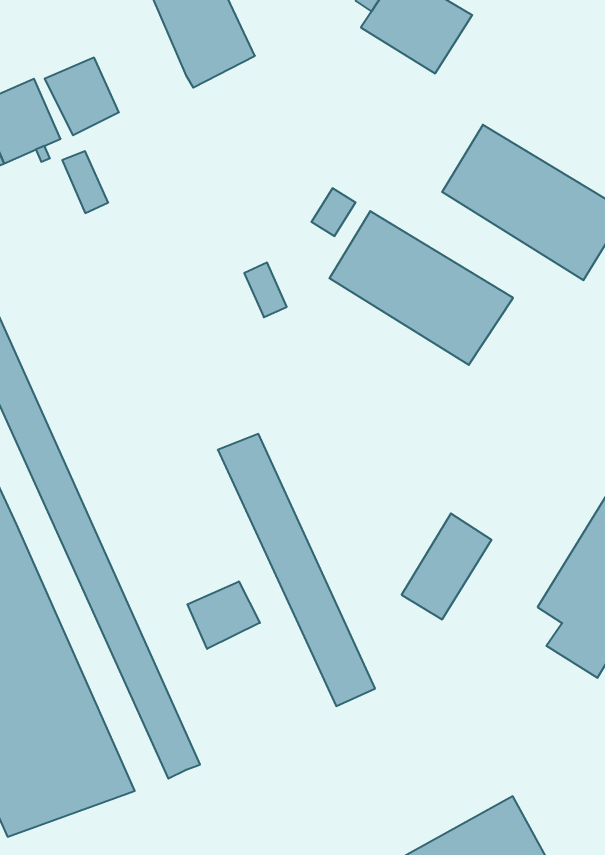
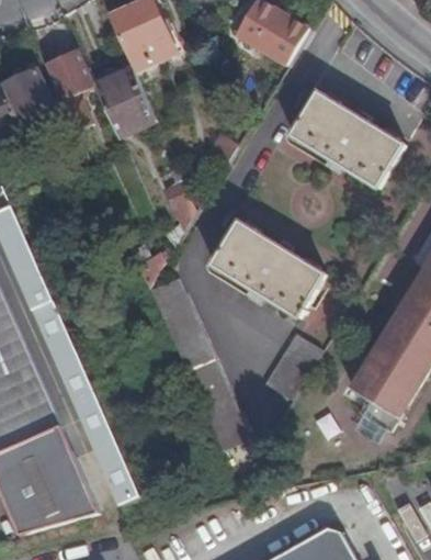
building: none -> [93,64,155,133]
building: [329,211,513,365] -> [212,224,326,320]
building: [187,581,260,649] -> none

